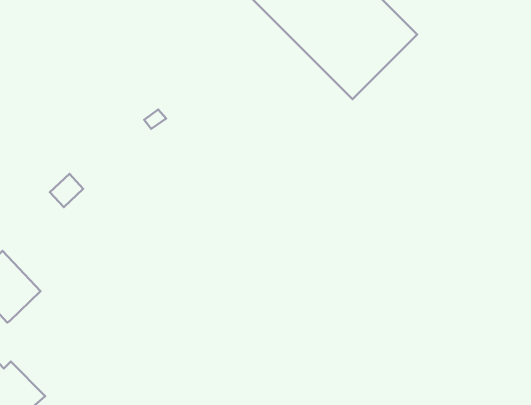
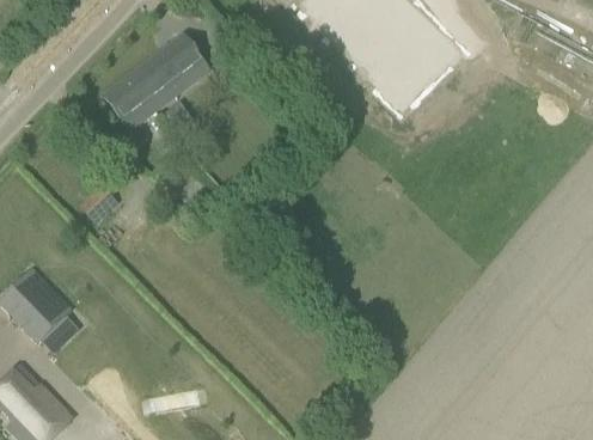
building: none -> [106,36,204,128]

